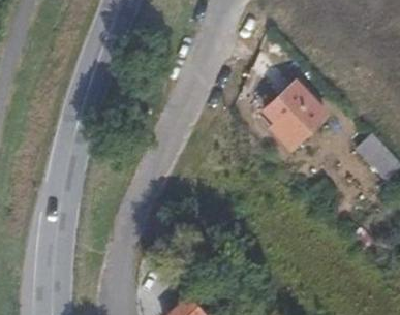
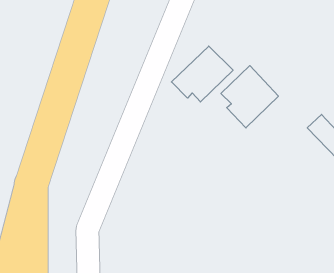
building: none -> [171,46,233,102]

